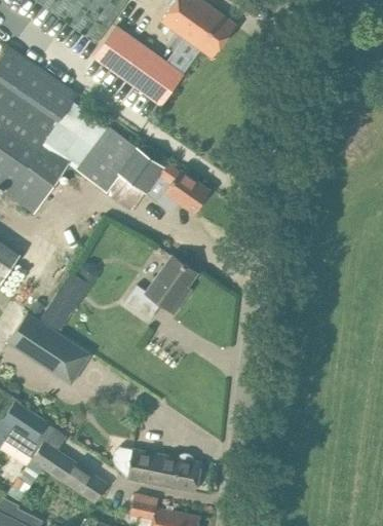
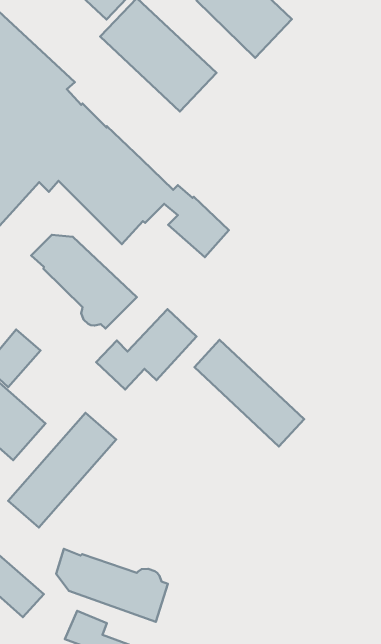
building: none -> [31,235,137,329]
building: none -> [194,340,304,447]
building: none -> [8,413,116,528]

